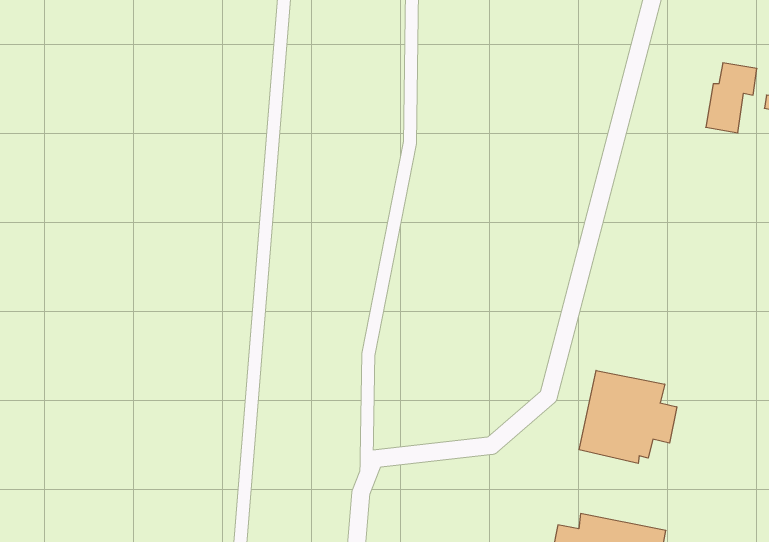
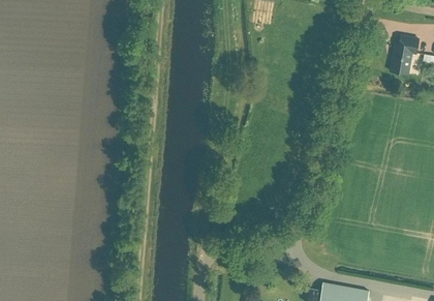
building: [579,370,677,463] -> none

